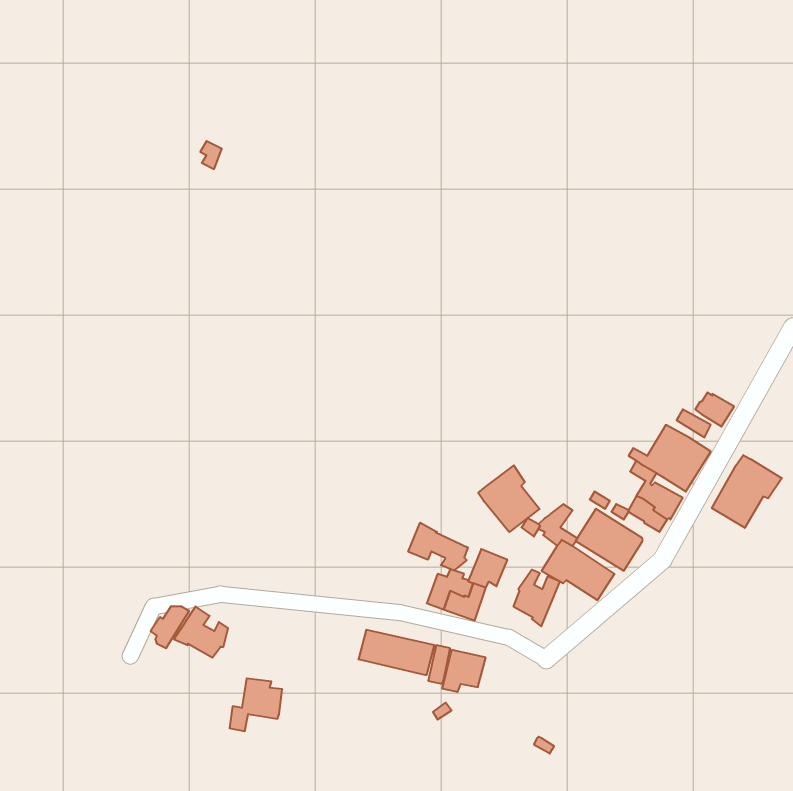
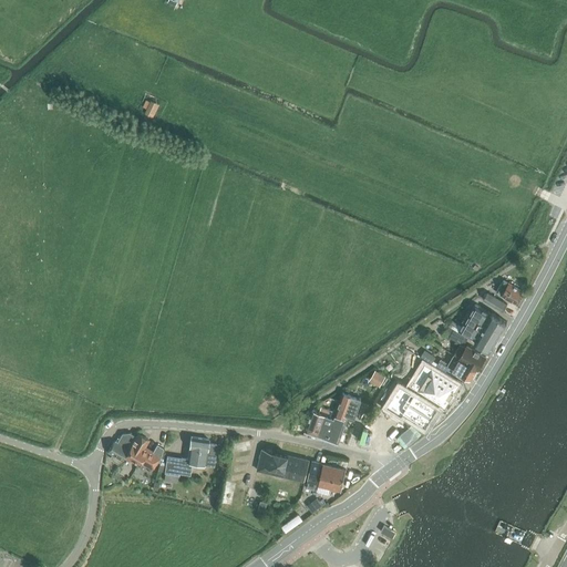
building: [712,455,782,528] -> none
building: [478,465,540,532] -> none
building: [408,523,468,570] -> none
building: [514,570,560,626] -> none
building: [229,678,282,731] -> [178,437,216,475]

